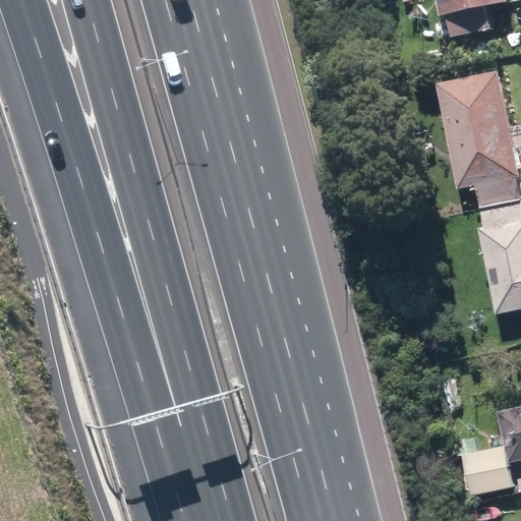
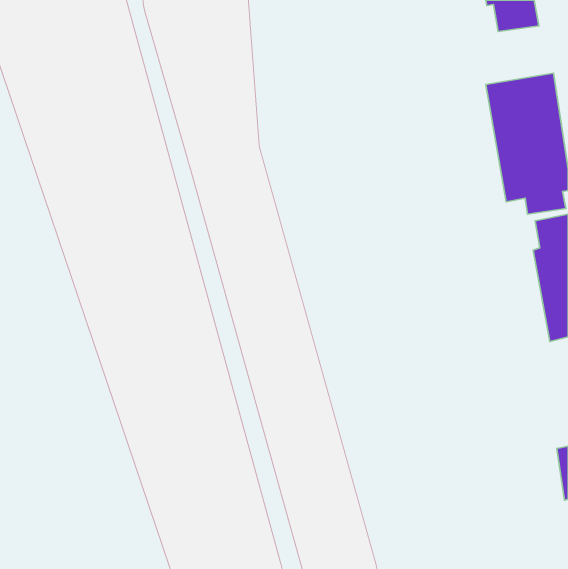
building: [463,449,506,493] -> none

